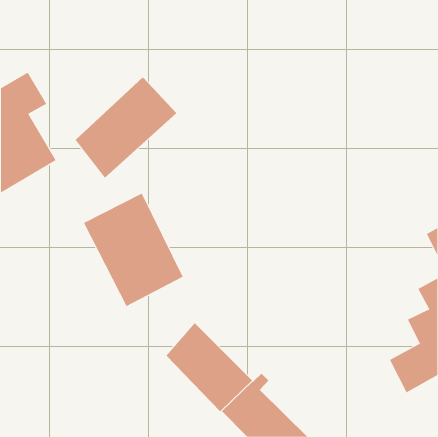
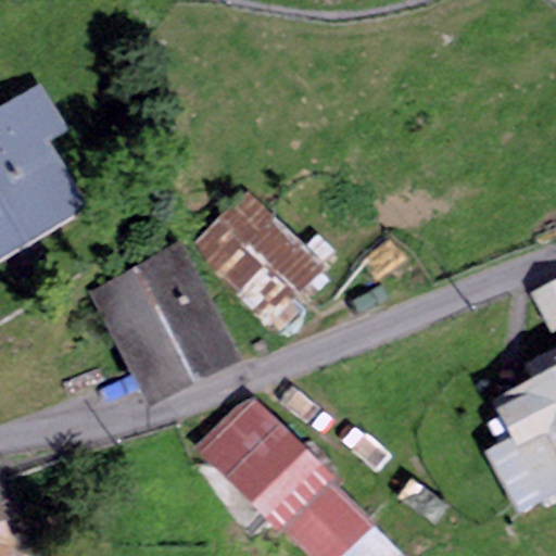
building: [75,77,177,179] -> none
building: none -> [199,200,331,316]

